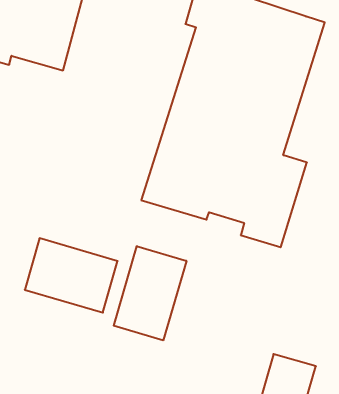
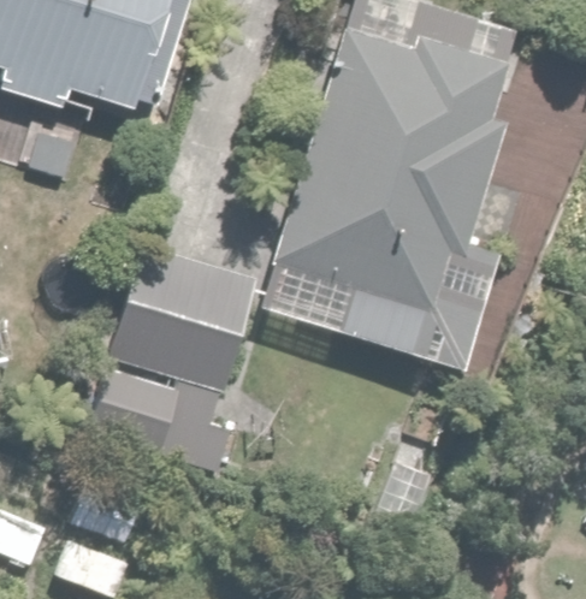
building: none -> [109,244,259,393]
building: [114,246,186,340] -> none

